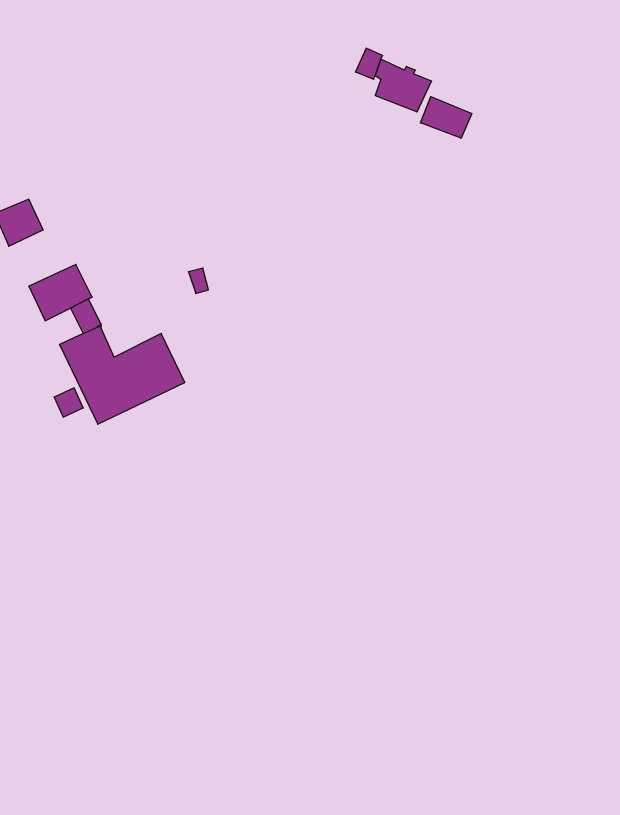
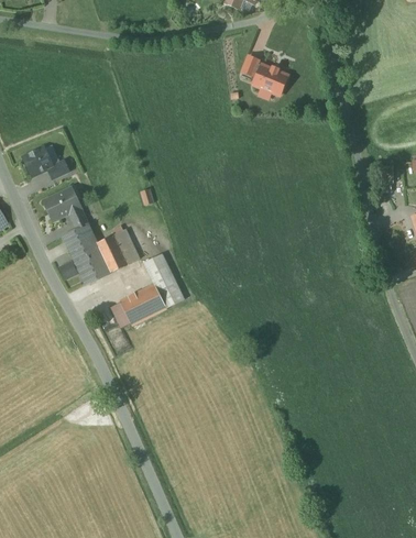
building: [420,97,472,138] -> none
building: none -> [120,253,184,323]

